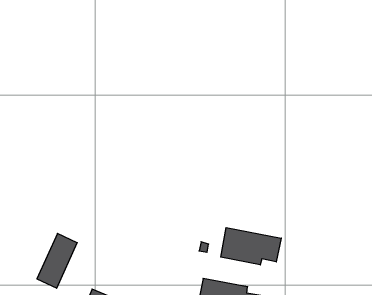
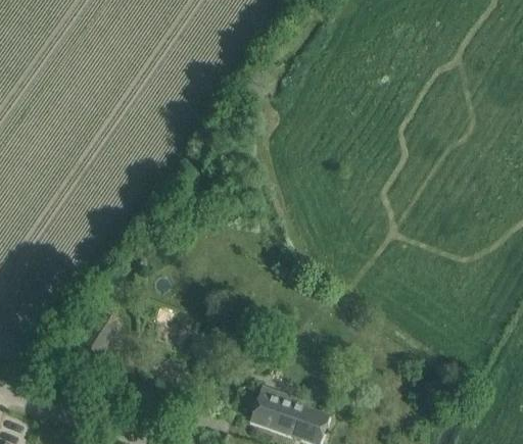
building: [221,228,281,265] -> none

